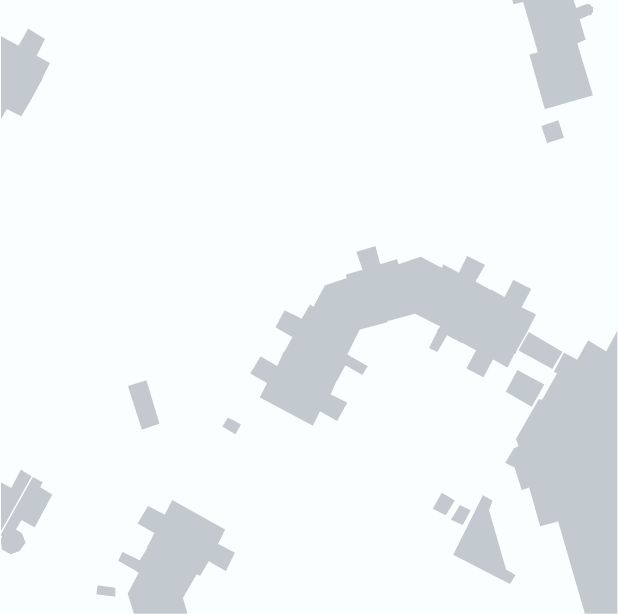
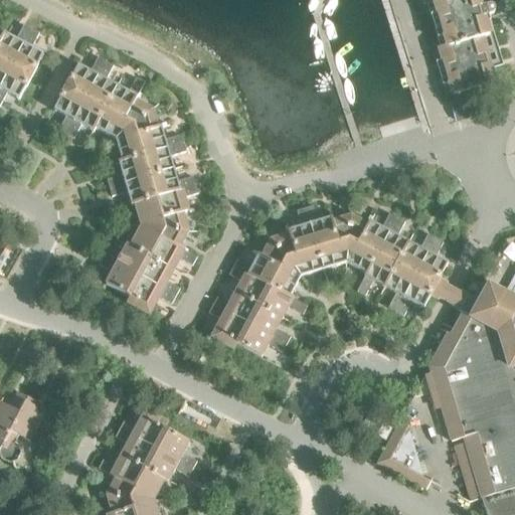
building: none -> [53,55,197,307]
building: [505,369,545,408] -> none
building: [127,379,160,430] -> none

